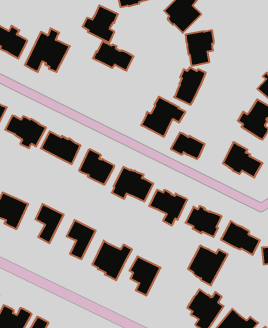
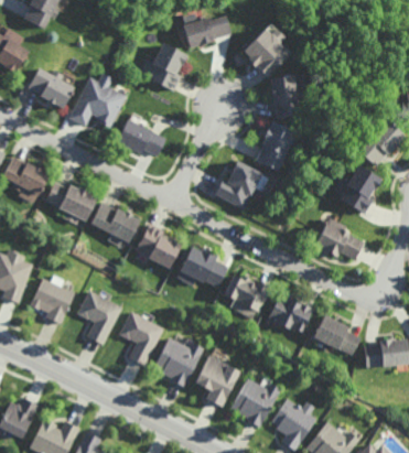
building: [93,41,134,71] -> [115,120,165,157]
building: [171,132,205,159] -> none
building: [188,246,228,286] -> [230,378,280,428]

